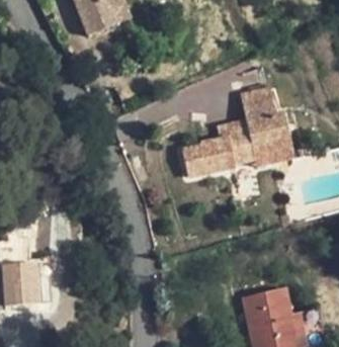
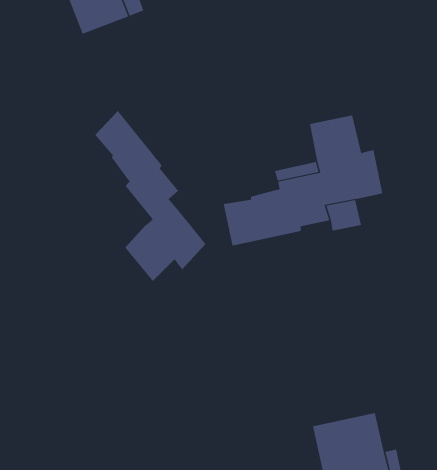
building: none -> [94,110,206,282]

